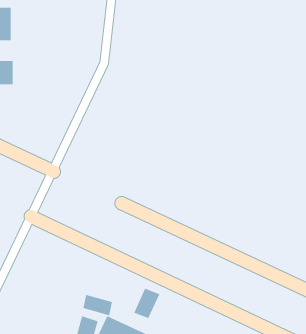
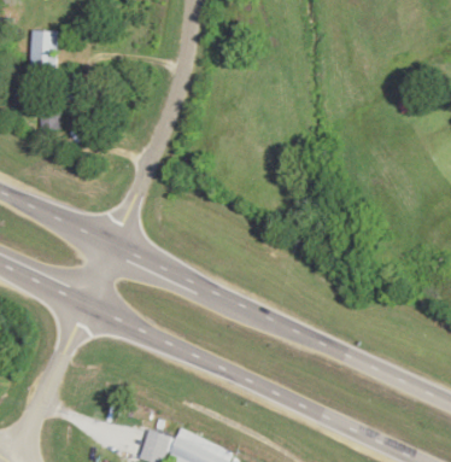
building: [133,288,160,319] -> none
building: [83,294,112,316] -> none

